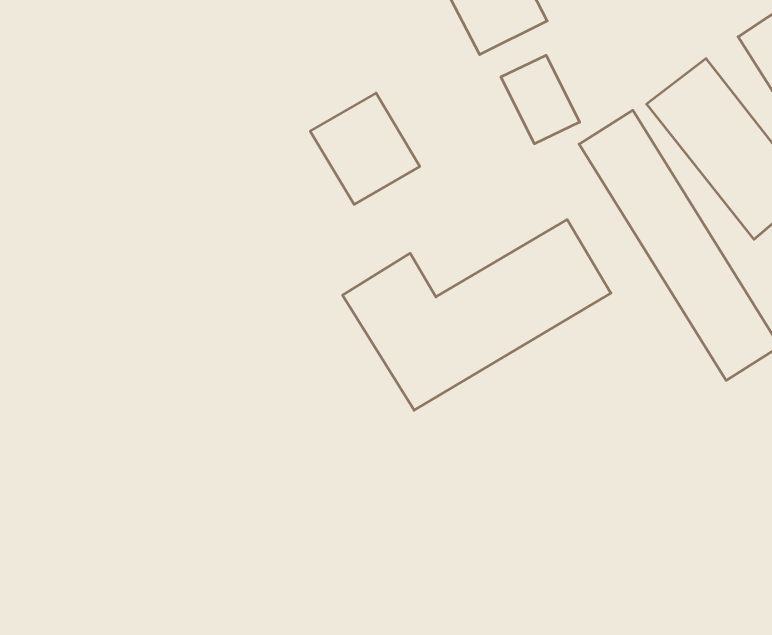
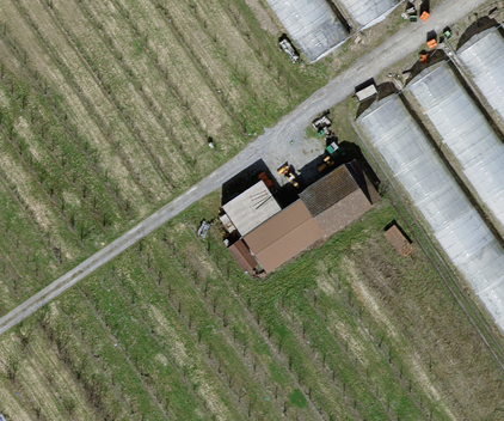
building: [501,55,580,144] -> none
building: [310,93,420,204] -> none

